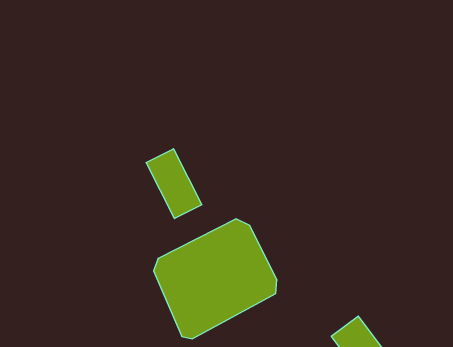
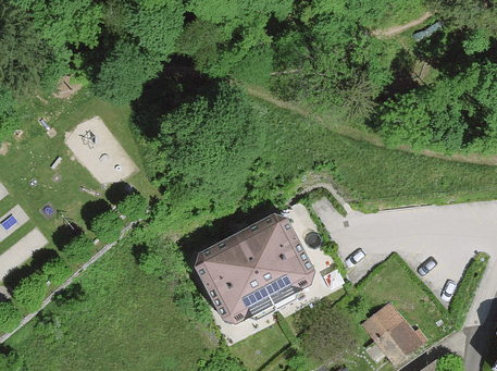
building: [146,149,202,219] -> none

